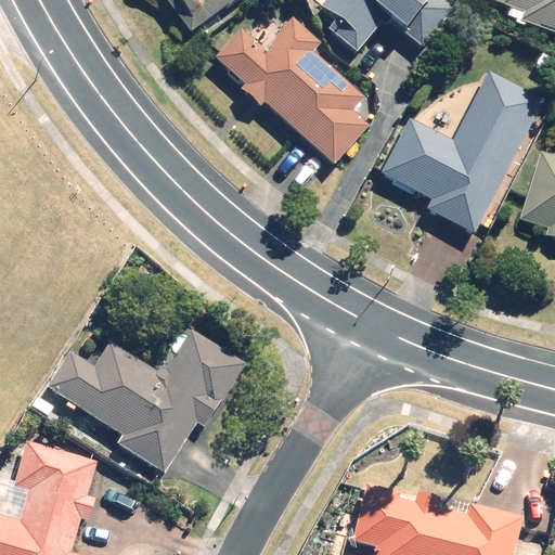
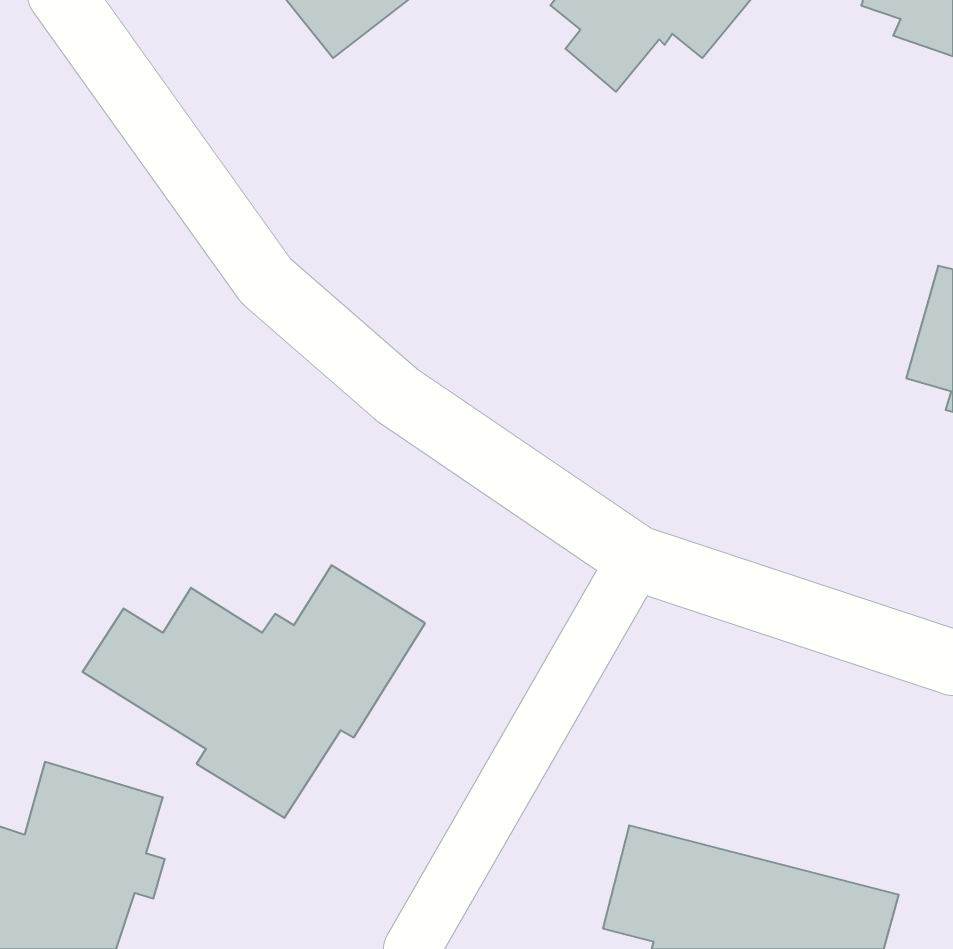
building: [214,17,369,165] -> none
building: [380,72,542,234] -> none

